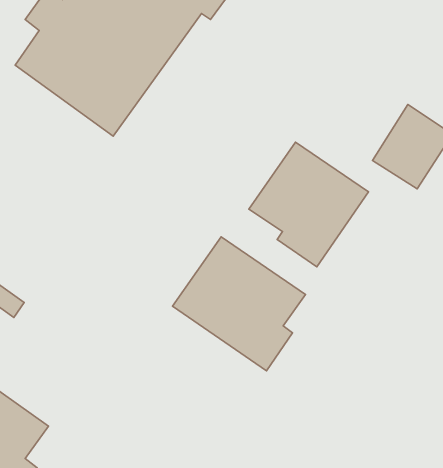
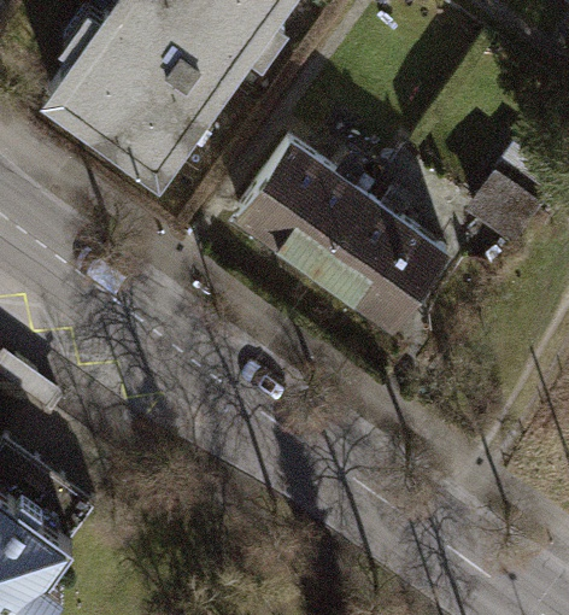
building: none -> [225,135,371,274]
building: [173,237,306,371] -> none

